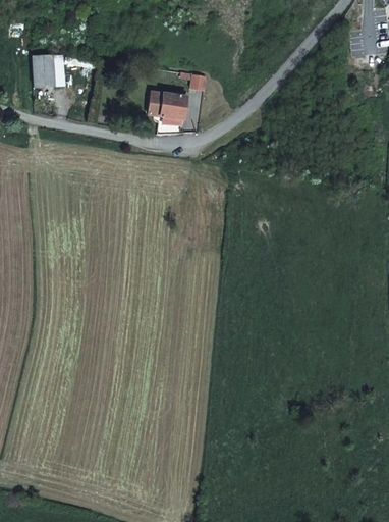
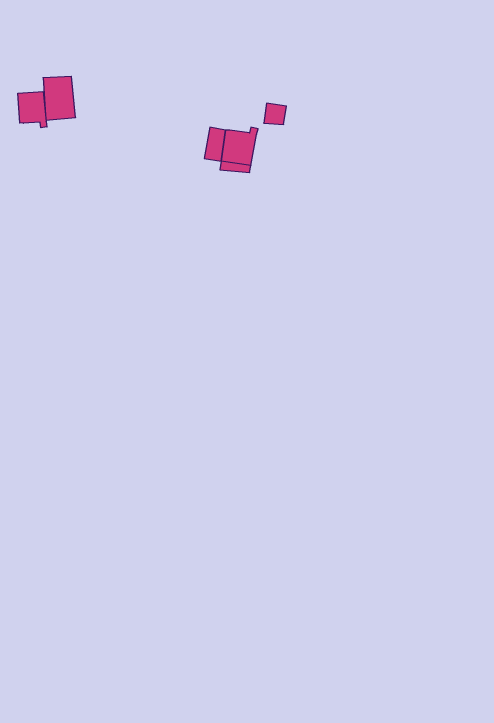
building: none -> [18,92,47,128]

